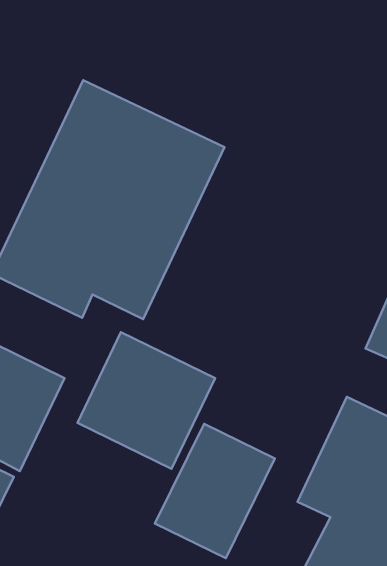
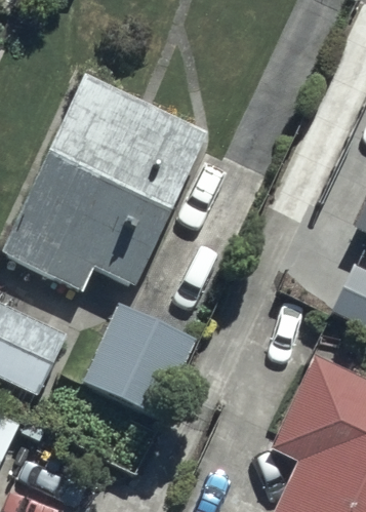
building: [155,424,275,558] -> none

